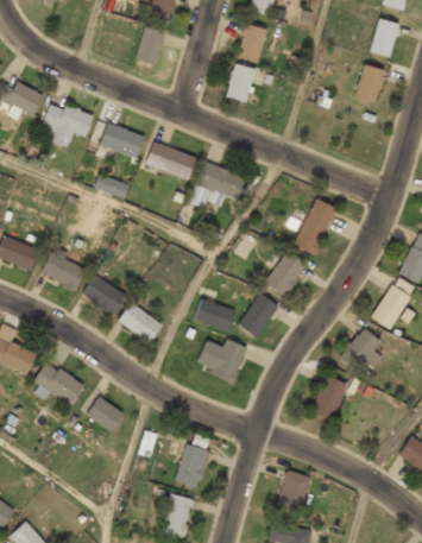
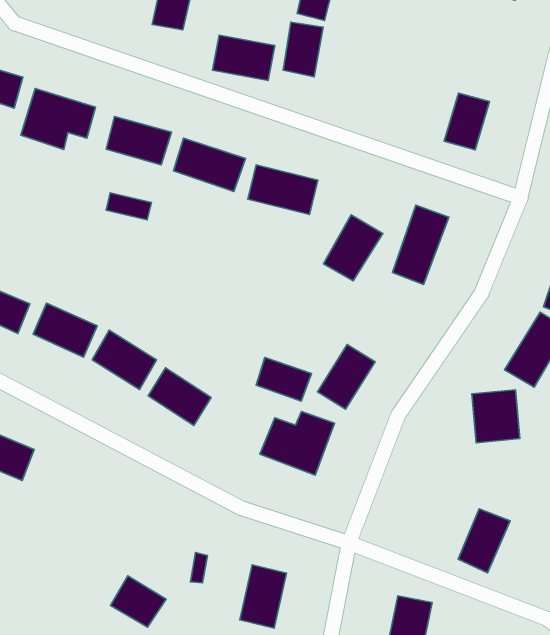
building: [353,64,386,105] -> [444,93,490,150]
building: none -> [212,35,275,80]
building: [264,250,307,296] -> [323,215,383,281]
building: [36,368,81,397] -> none
building: [310,375,348,421] -> [458,509,510,573]
building: [86,396,125,432] -> [111,576,166,627]

